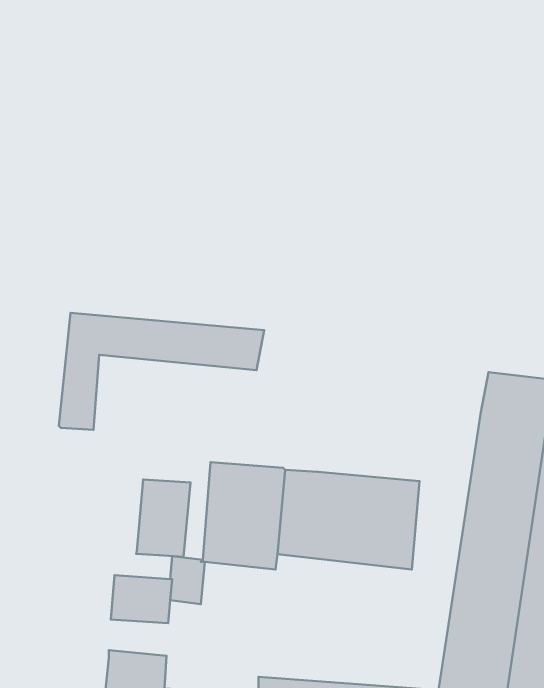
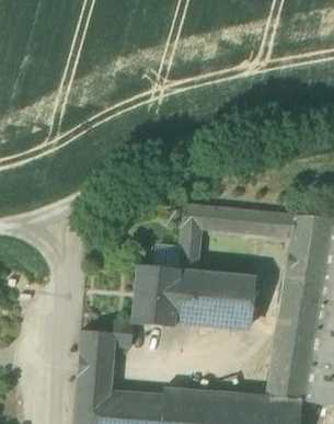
building: [59,313,264,430] -> [178,205,296,272]
building: [136,479,190,557] -> none
building: none -> [79,356,113,377]

